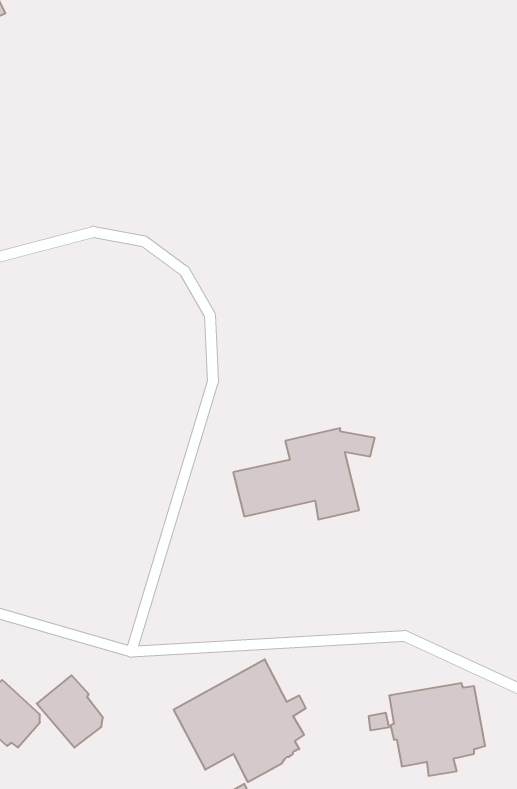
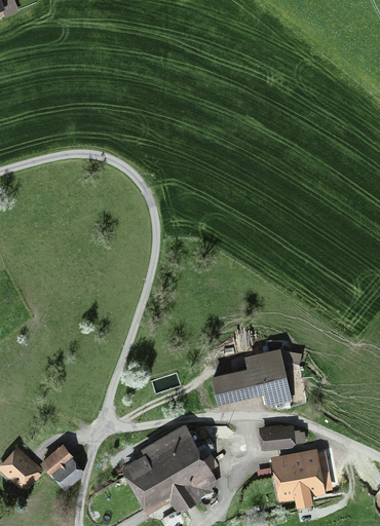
building: [233,428,375,520] -> [210,347,302,407]
building: none -> [259,424,305,450]

